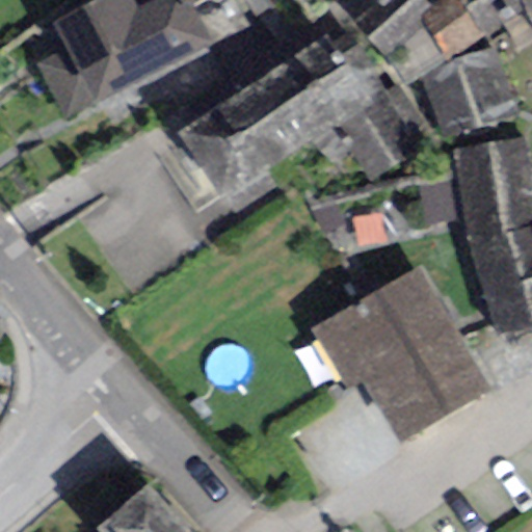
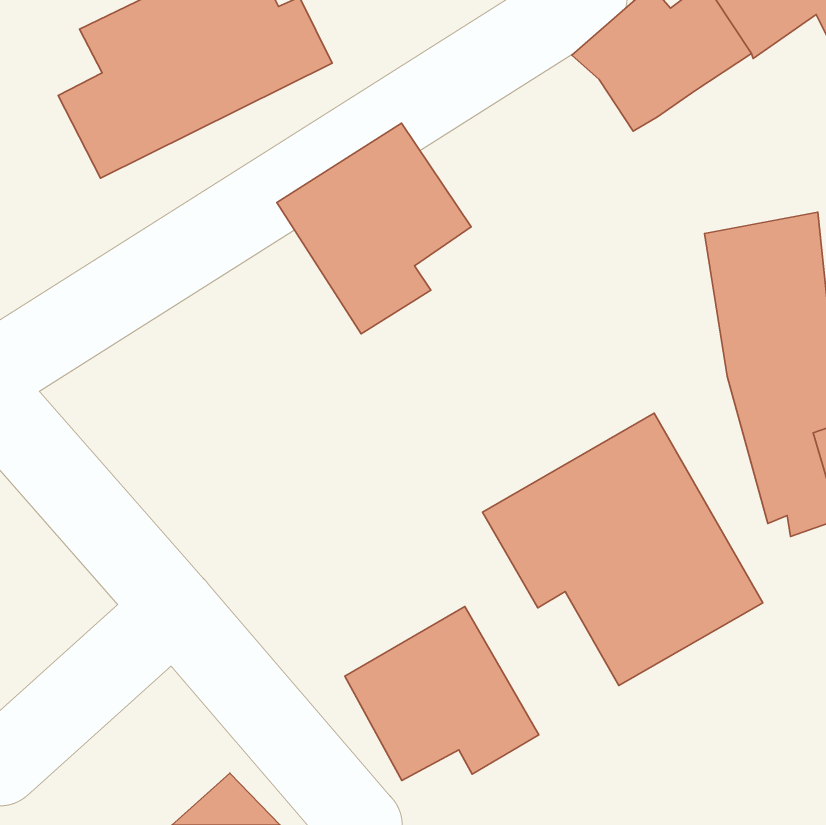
building: [259,33,435,183] -> none
building: [423,46,516,131] -> none
building: none -> [345,606,539,780]

